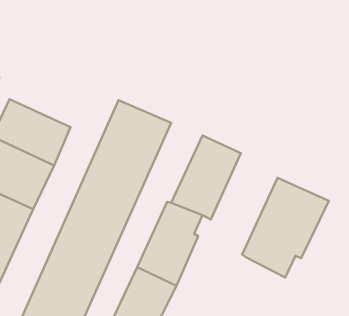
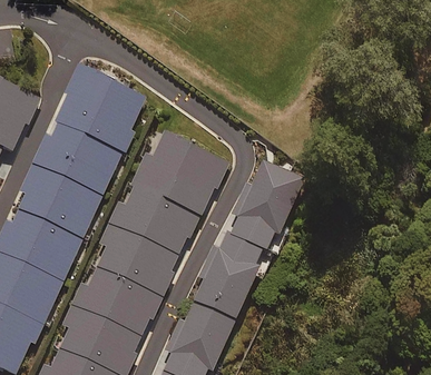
building: none -> [49,73,140,158]
building: [242,178,329,277] -> none

